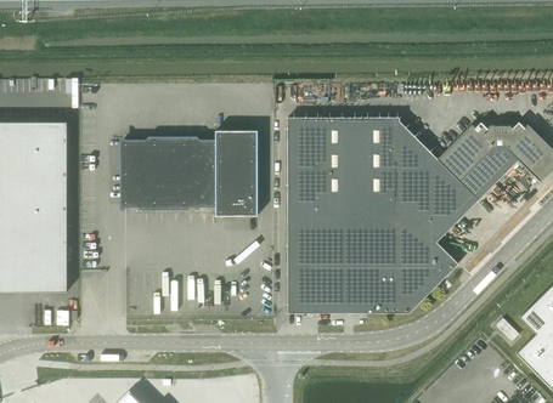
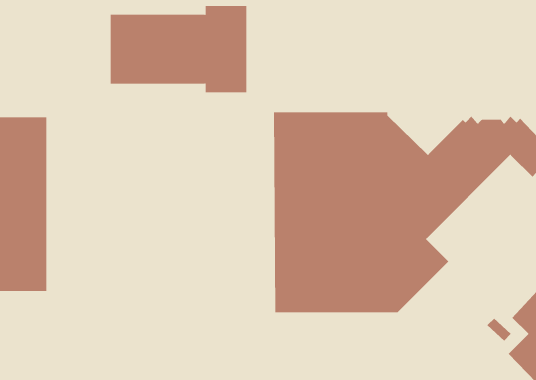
building: [122,131,255,216] -> [110,5,247,93]

